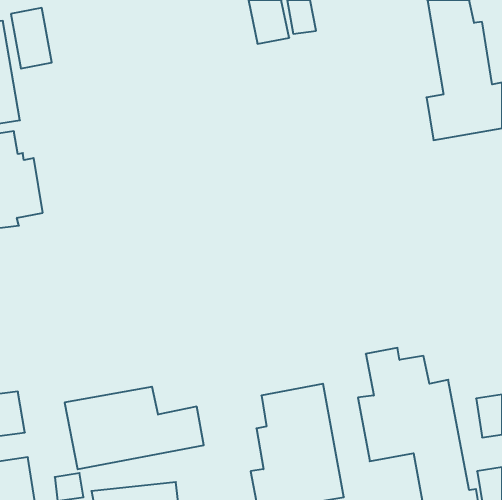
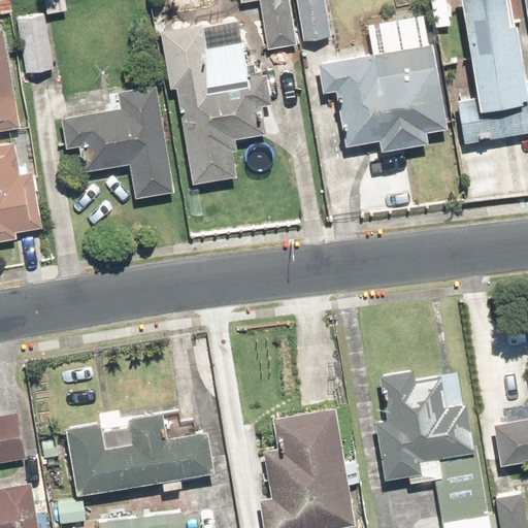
building: none -> [162,19,272,182]
building: none -> [307,23,437,159]
building: none -> [63,86,177,202]

